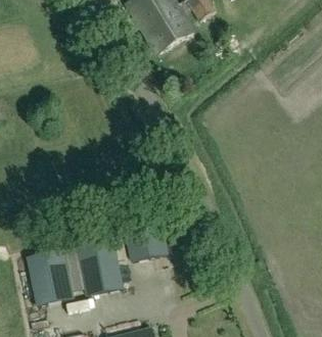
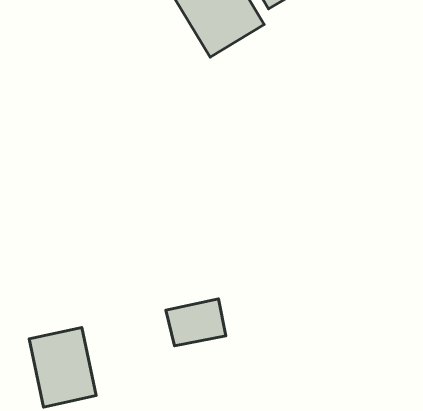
building: [76,239,123,296] -> none

